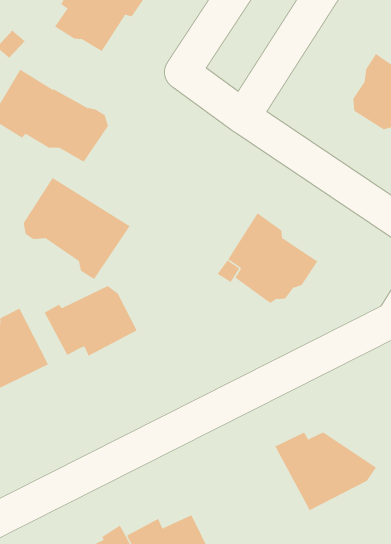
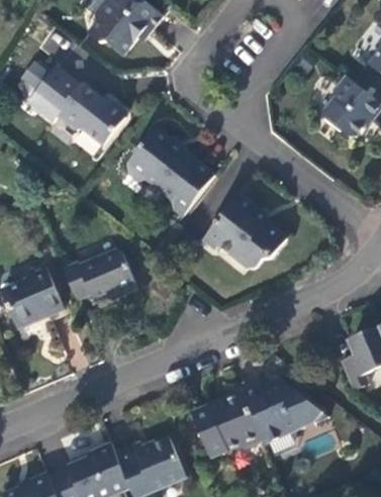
building: [23,177,130,280] -> [129,129,216,215]
building: none -> [192,390,264,456]

